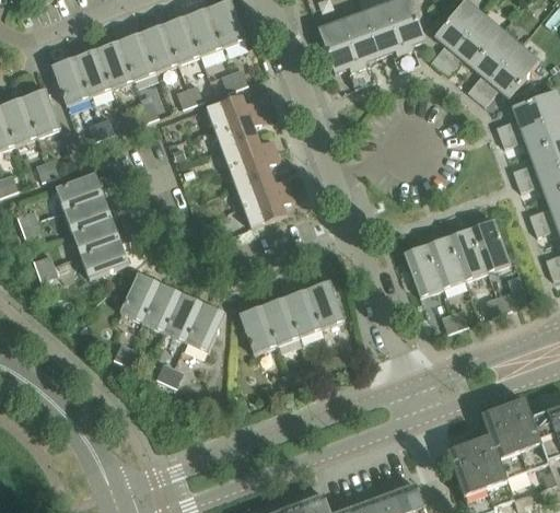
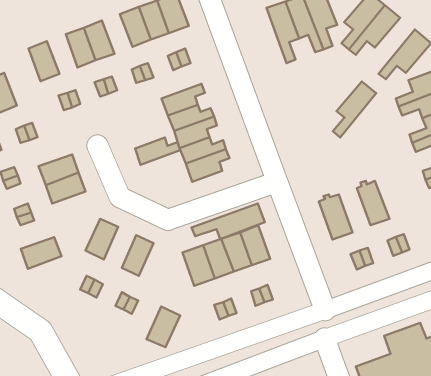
building: [317,18,364,88] -> none
building: [141,25,178,73] -> none
building: [467,30,520,97] -> [333,81,376,138]
building: [74,49,112,97] -> none
building: [23,89,61,136] -> none
building: [207,94,261,127] -> [135,138,180,165]
building: [57,172,105,209] -> none
building: [471,219,511,272] -> none
building: [428,234,466,289] -> none
building: [81,240,130,278] -> [21,237,61,269]
building: none -> [191,204,265,239]
building: [143,282,183,331] -> none
building: [186,302,226,351] -> [147,306,180,347]

